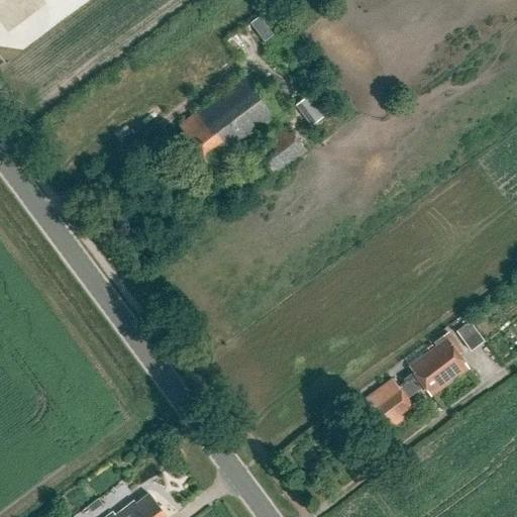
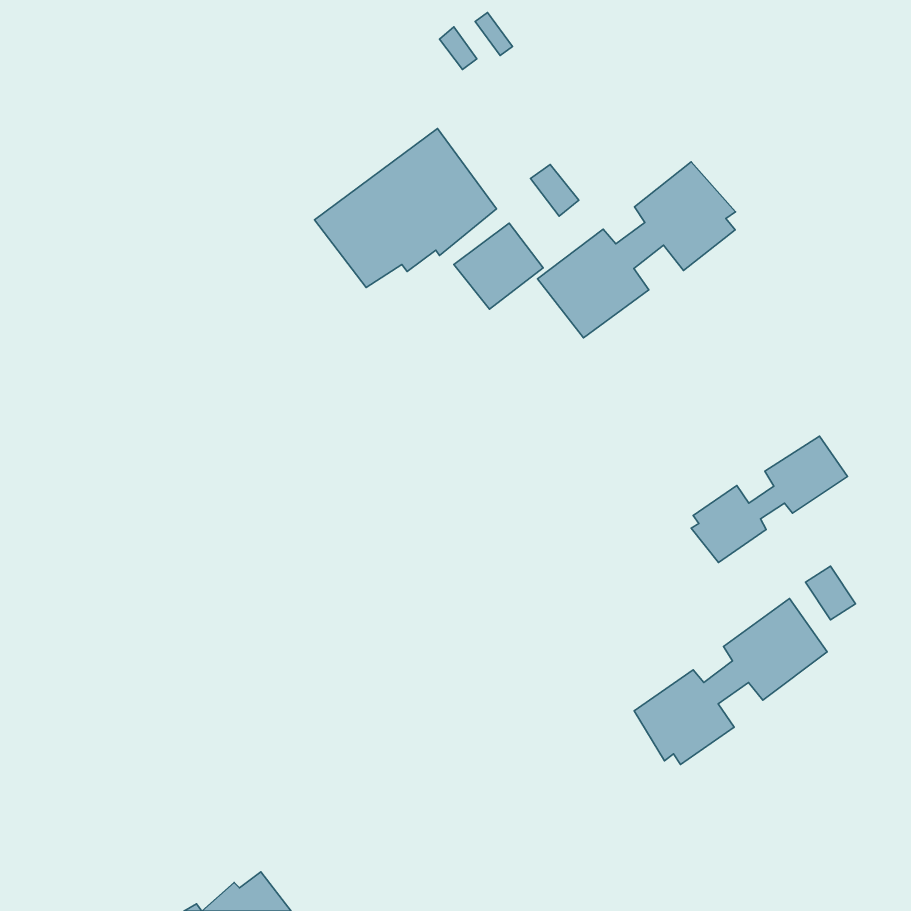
building: none -> [537,162,735,338]
building: none -> [691,436,848,563]

